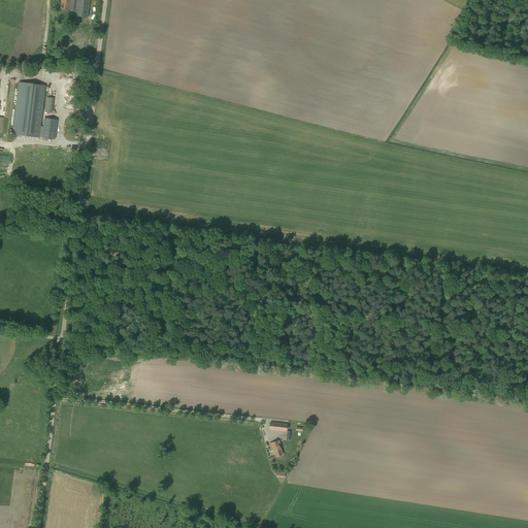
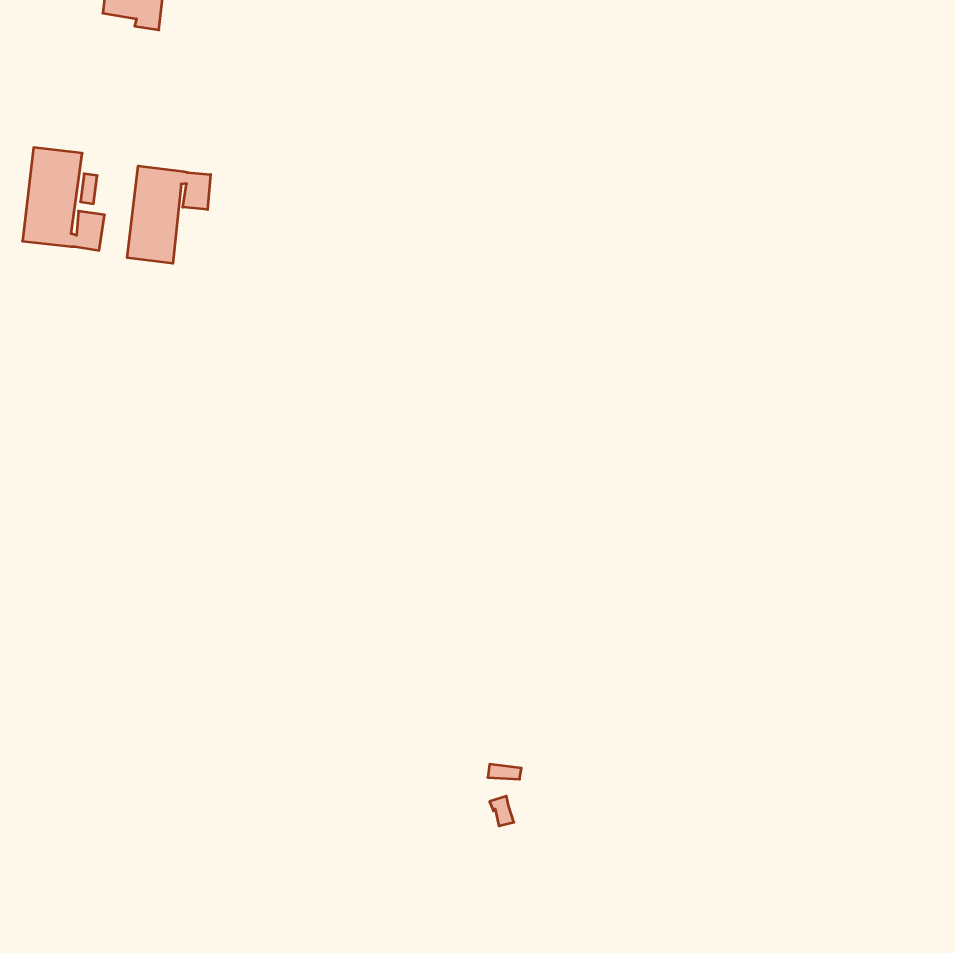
building: none -> [127,166,211,263]

